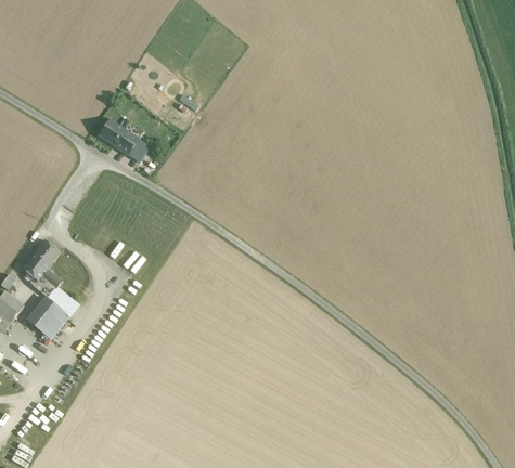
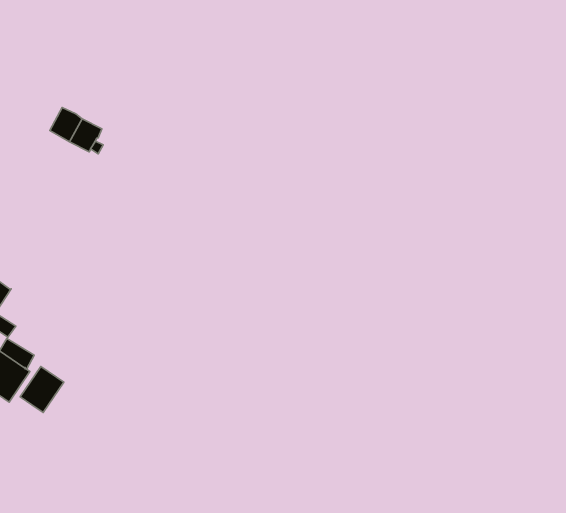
building: none -> [20,366,64,413]

